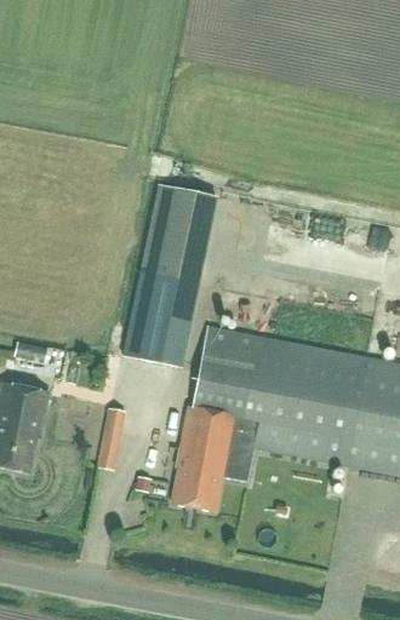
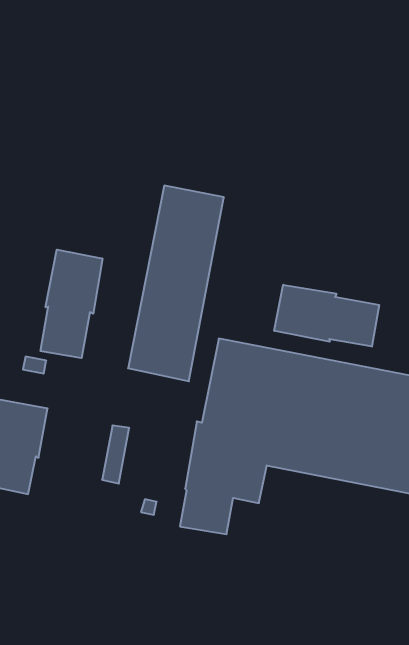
building: none -> [40,250,102,358]
building: none -> [274,285,379,347]

